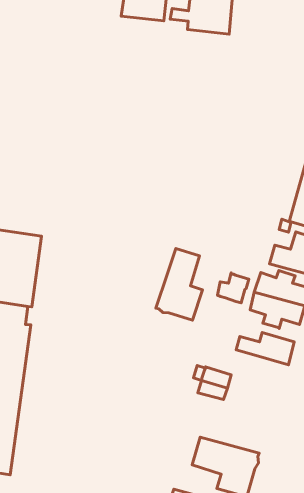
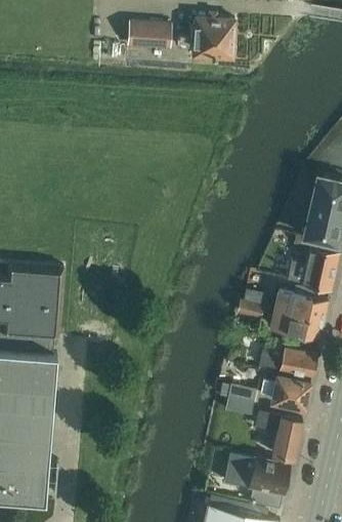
building: [156,248,203,320] -> none
building: none -> [259,376,310,409]
building: none -> [254,411,303,459]

